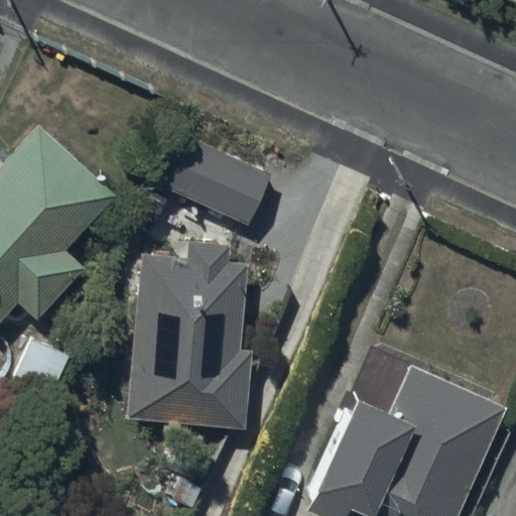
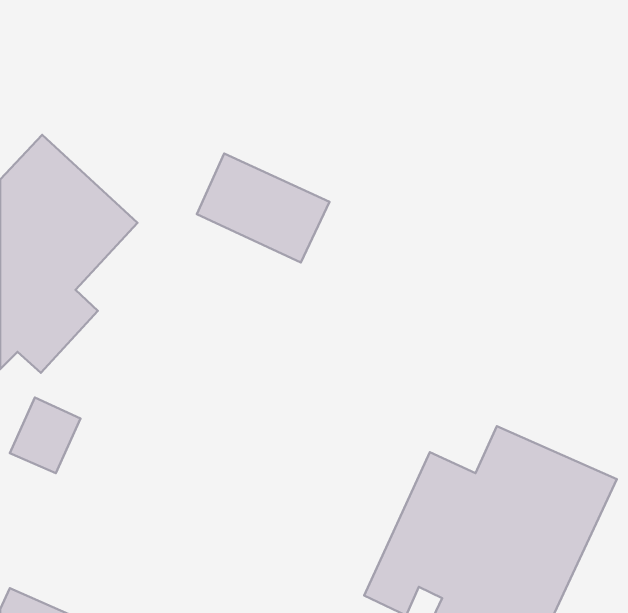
building: [130,244,247,425] -> none

